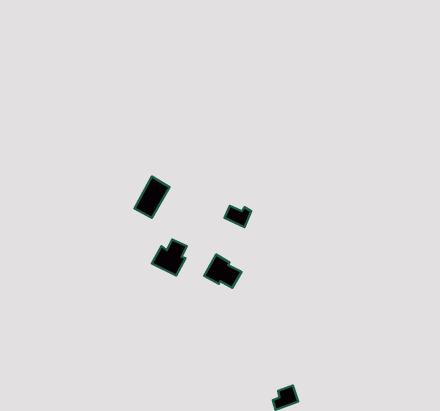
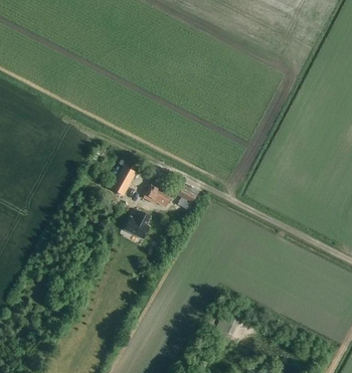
building: [204,254,242,288] -> [143,181,171,206]

